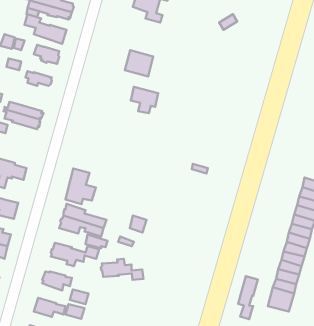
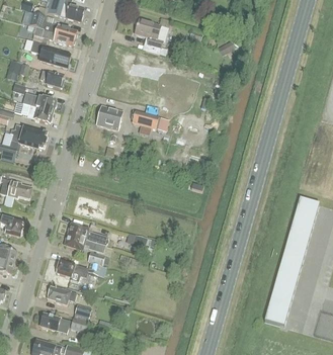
building: [125,50,153,77] -> [96,104,123,129]
building: none -> [22,103,54,122]
building: [65,168,96,204] -> none
building: [101,259,143,280] -> none
building: [238,276,258,319] -> none

